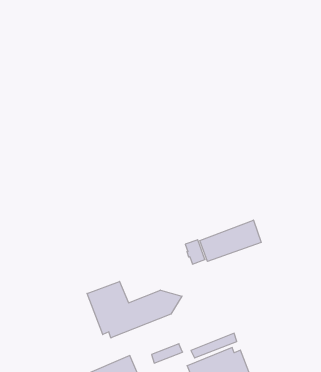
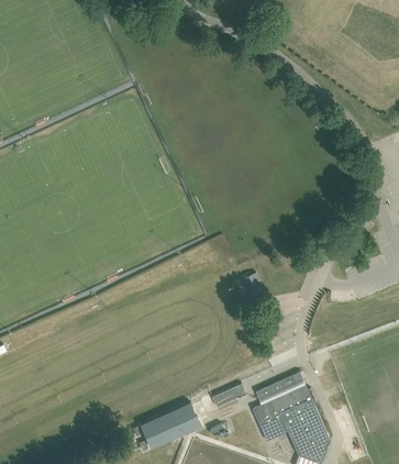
building: [200,220,261,261] -> none
building: [87,281,182,338] -> none

